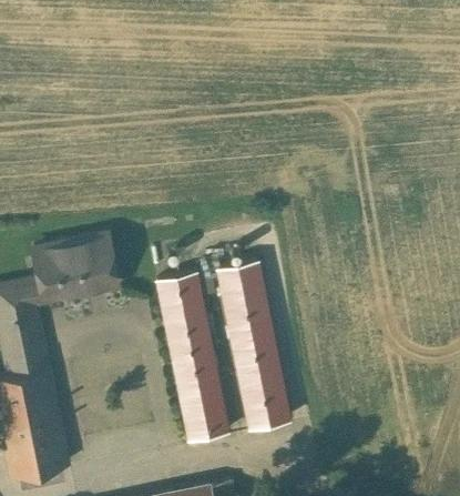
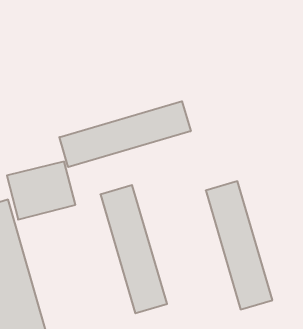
building: none -> [59,101,191,167]
building: [215,262,292,433] -> [206,181,272,309]

